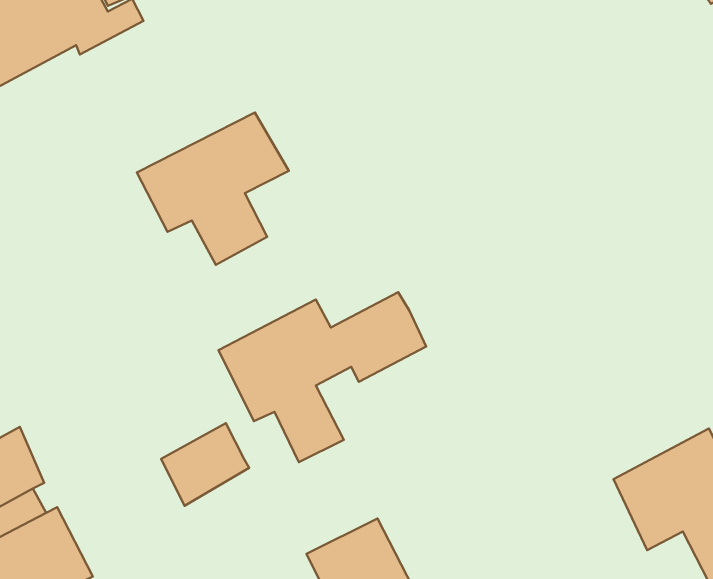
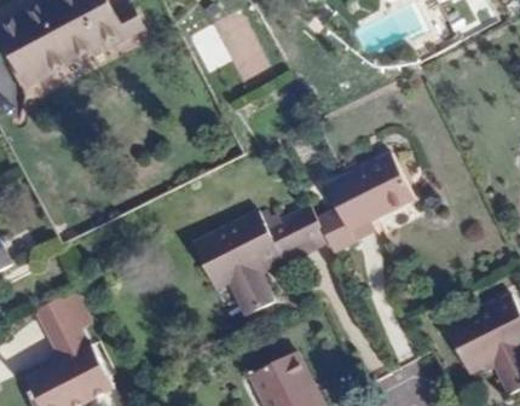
building: [137,112,289,265] -> none
building: none -> [316,153,412,253]
building: [161,423,249,506] -> none

